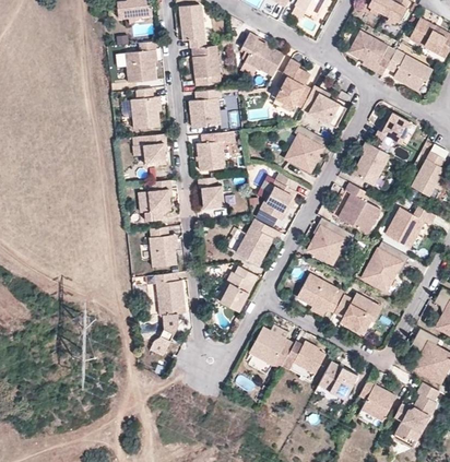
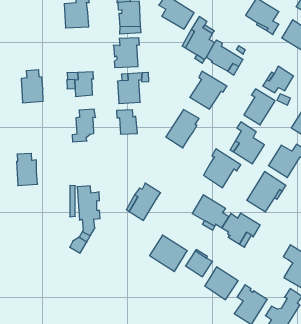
building: [130,87,158,129] -> [21,70,43,103]
building: [236,218,281,265] -> none
building: [149,227,176,268] -> [17,153,38,186]

